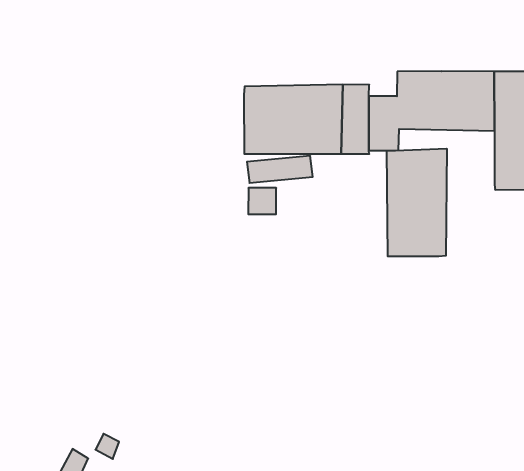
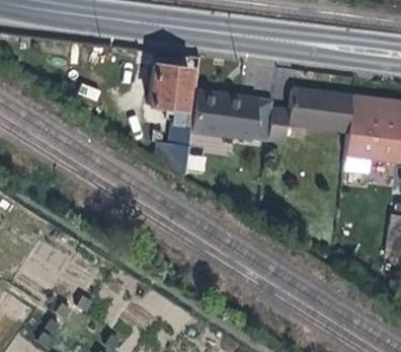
building: none -> [149,61,194,174]
building: [387,149,447,256] -> none

